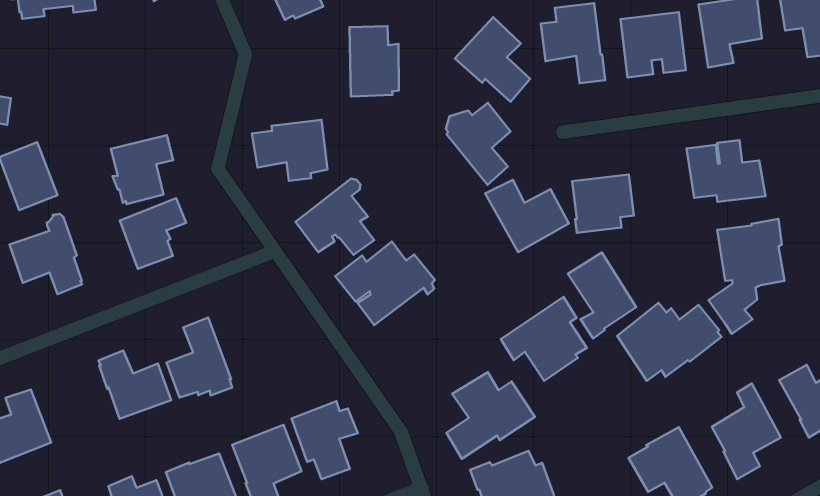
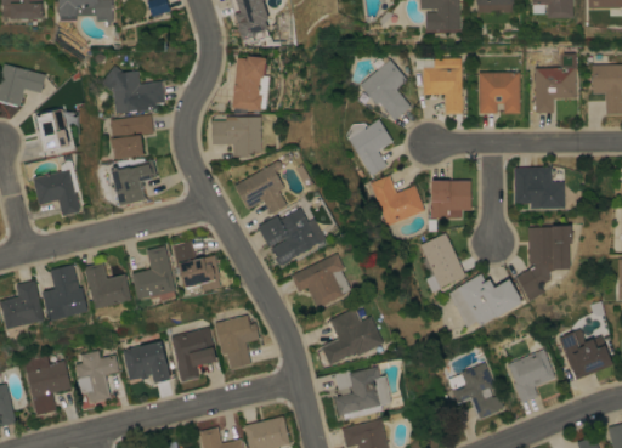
building: [349,26,399,96] -> [232,59,270,110]
building: none -> [102,66,165,113]
building: [501,297,587,381] -> [292,251,351,308]
building: none -> [173,240,221,288]
building: none -> [43,263,89,321]

